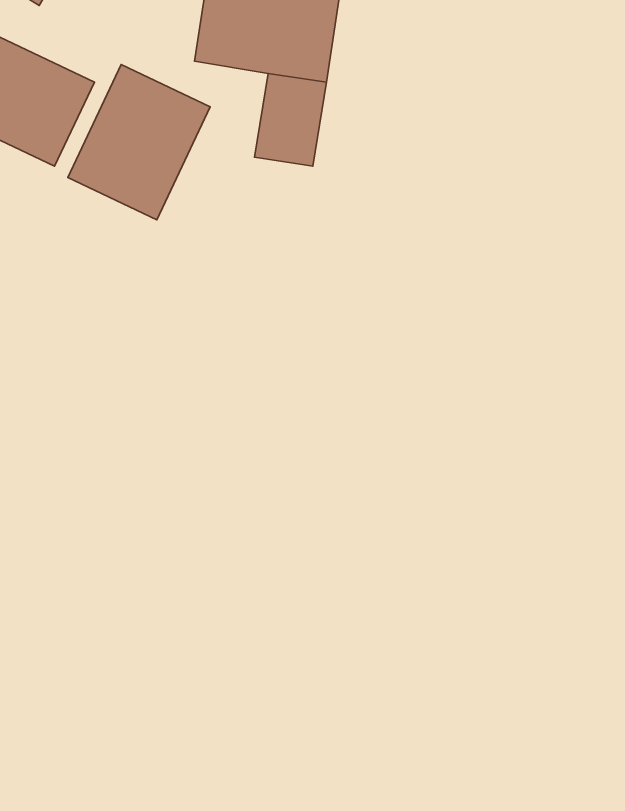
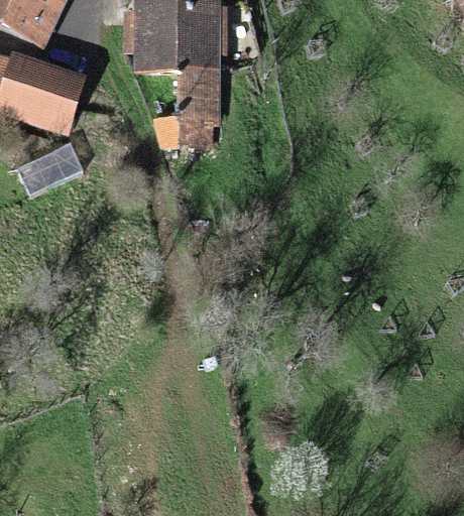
building: [68,65,210,220] -> none

